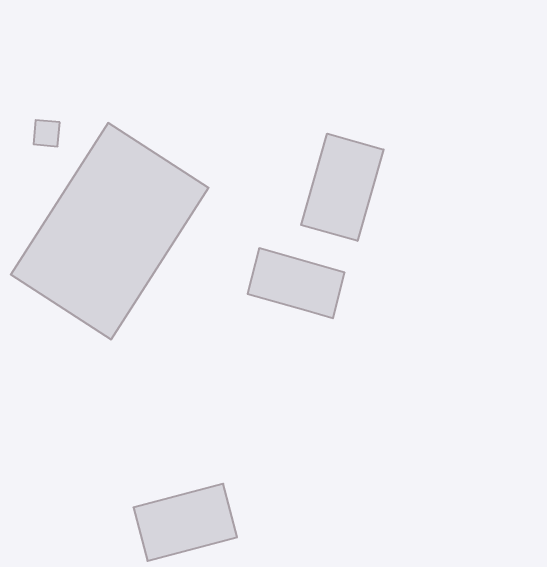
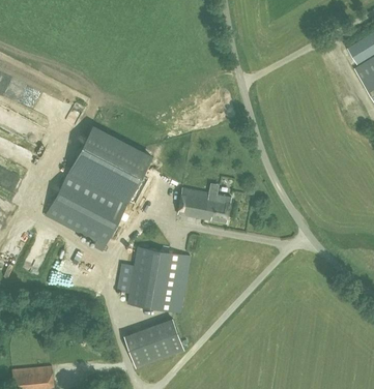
building: [301,134,384,241] -> none
building: none -> [126,246,190,312]

